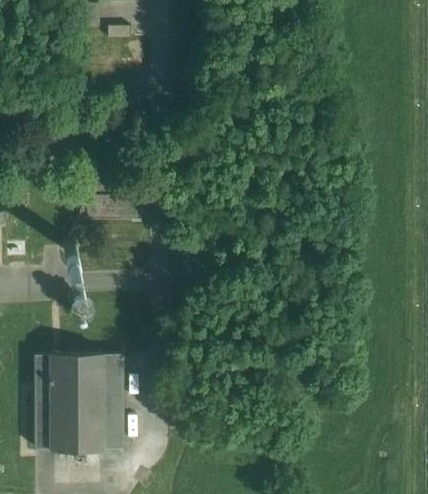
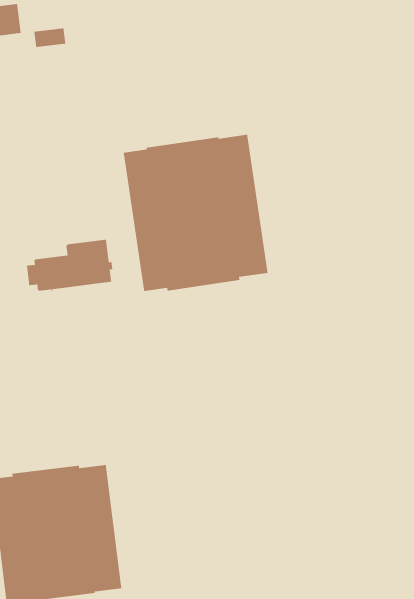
building: none -> [123,134,268,292]

